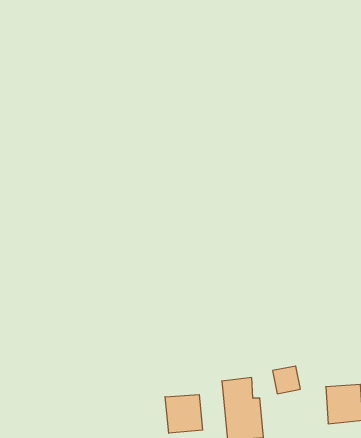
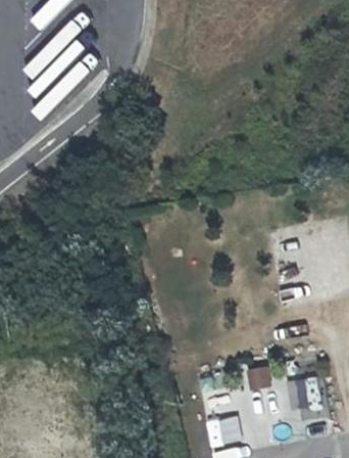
building: [165,395,203,433] -> none

